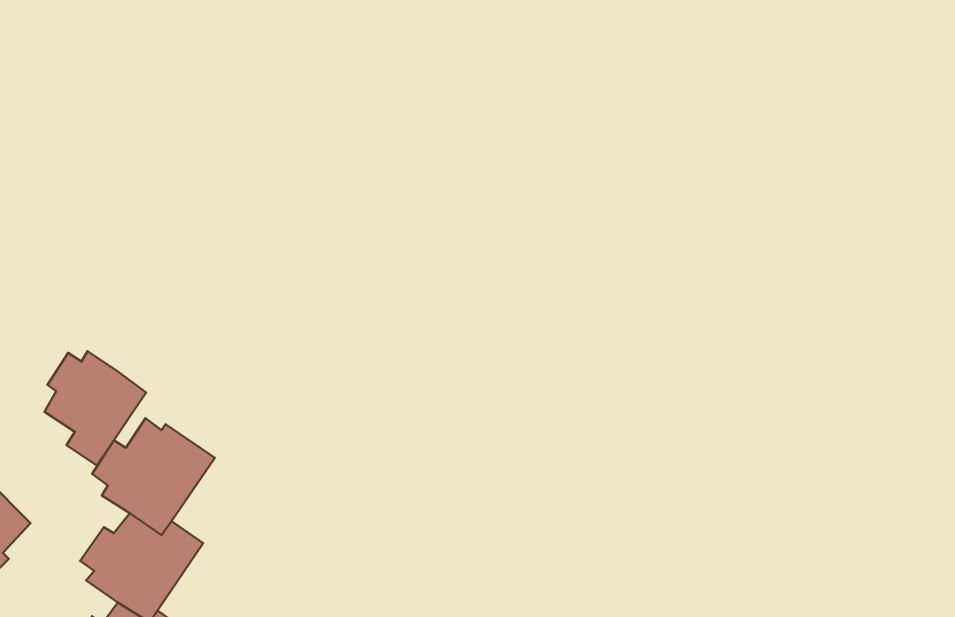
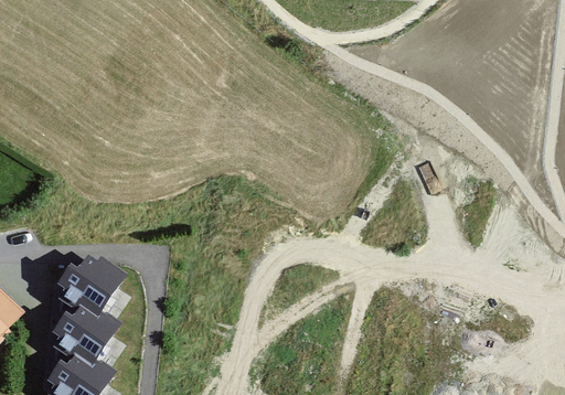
building: [45,351,146,465] -> none

